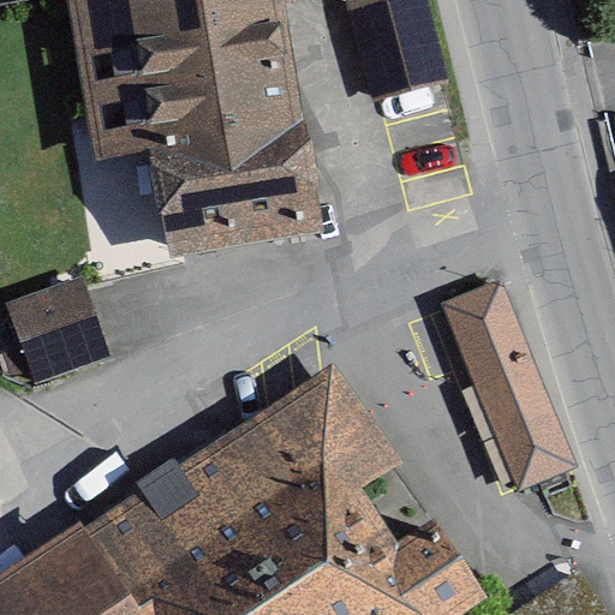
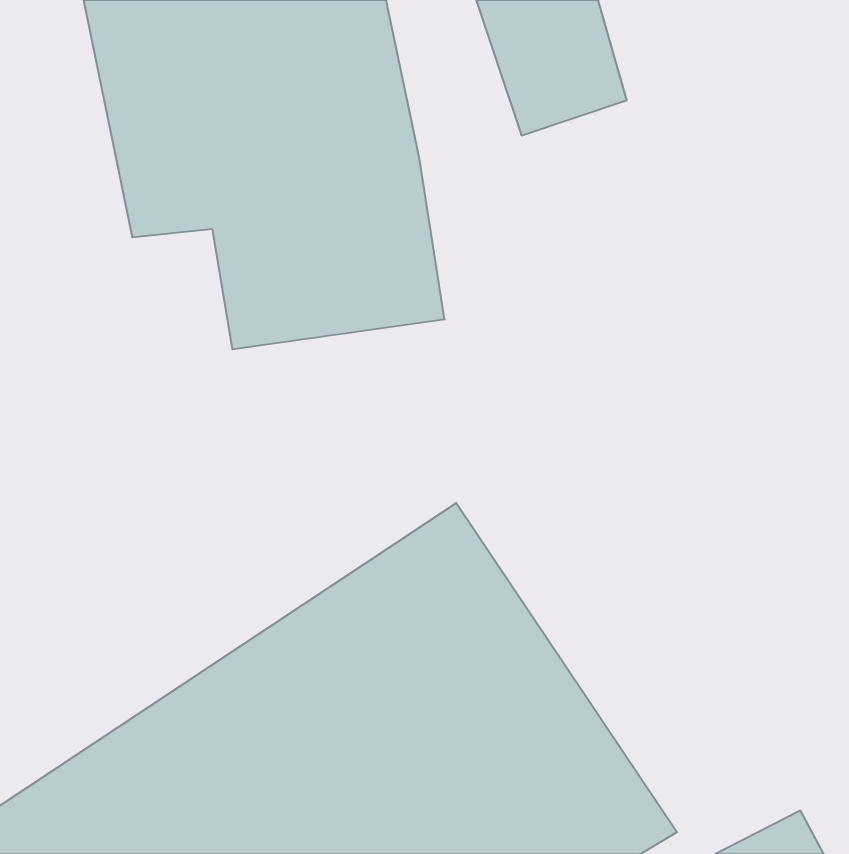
building: [442,277,573,485] -> none
building: [7,286,113,394] -> none

